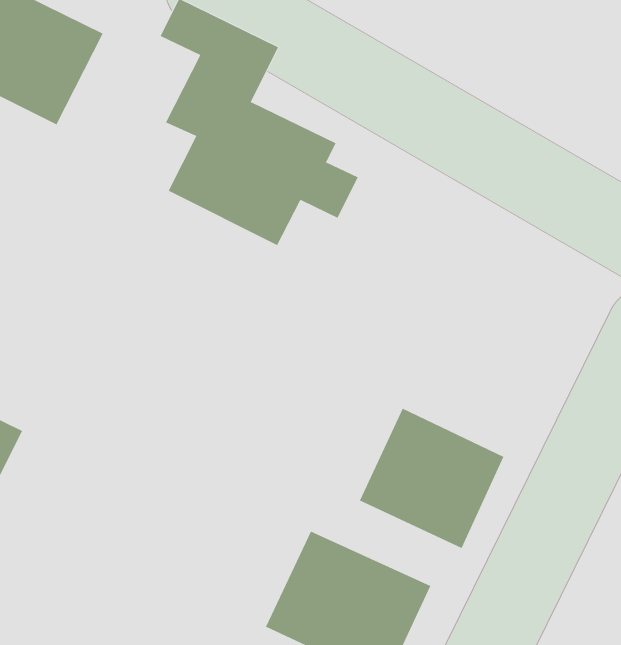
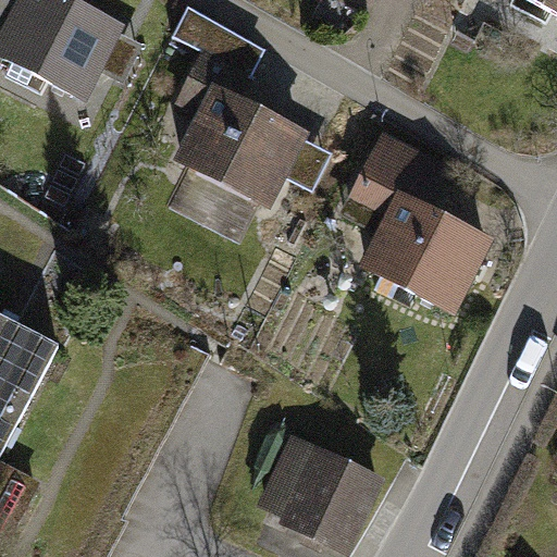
building: none -> [341,134,492,310]
building: [359,408,504,549] -> none

